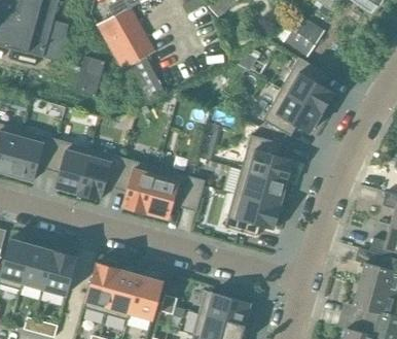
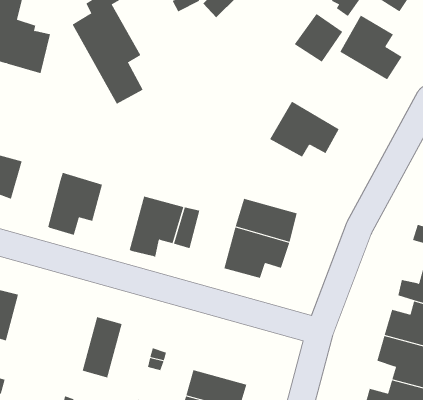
building: [75,57,105,98] -> none
building: [281,58,333,112] -> [339,15,402,80]
building: [241,135,292,182] -> none
building: [47,139,89,195] -> none
building: [115,159,157,213] -> none
building: [43,250,76,296] -> none
building: [83,263,118,314] -> none
building: [128,275,163,320] -> none
building: [199,291,250,326] -> none

